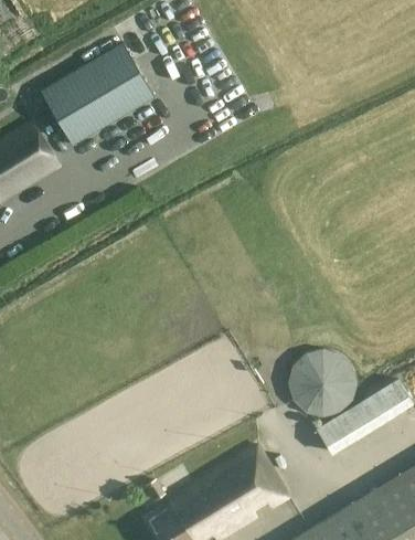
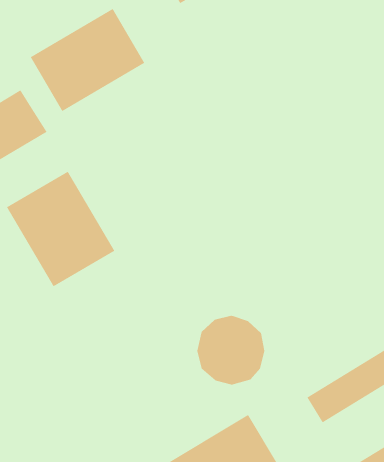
building: none -> [6,171,115,287]
building: [287,349,355,419] -> [196,315,265,385]

